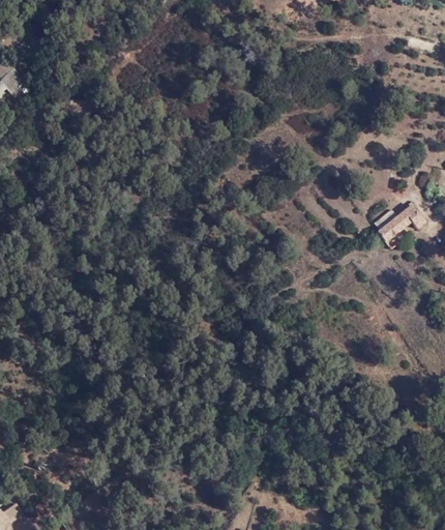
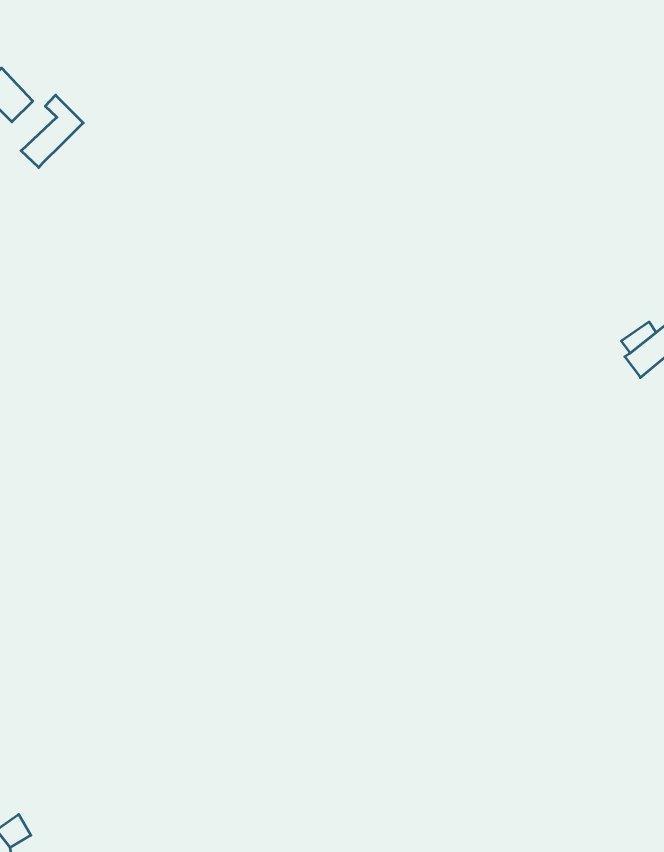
building: none -> [21,95,83,168]

